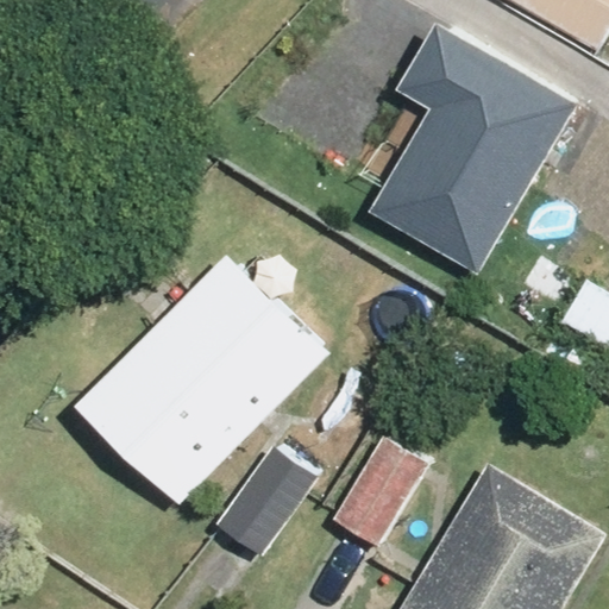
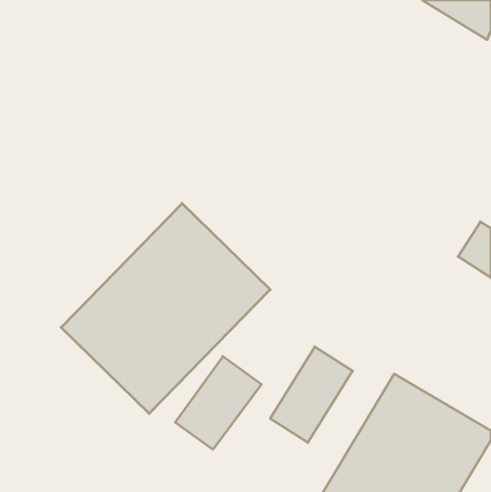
building: [369,18,578,274] -> none

